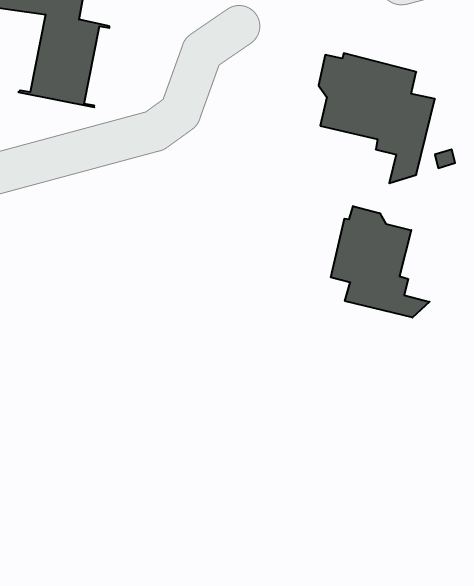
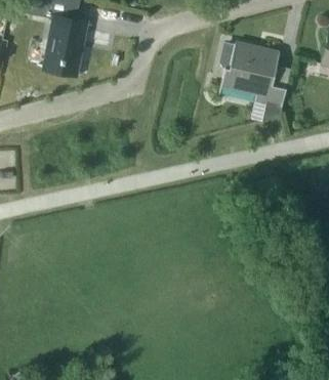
building: [331,206,430,318] -> none

